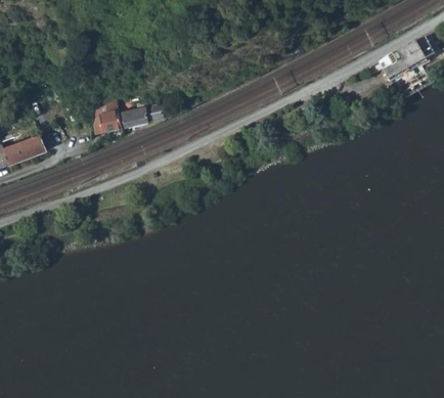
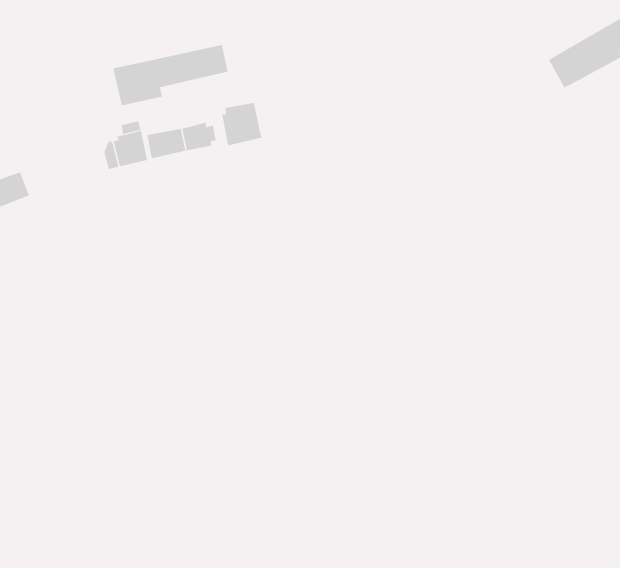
building: none -> [113,44,228,106]
building: none -> [222,102,262,146]

